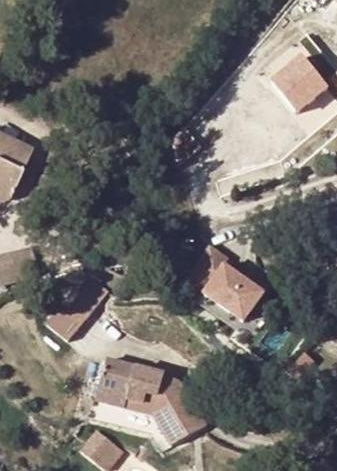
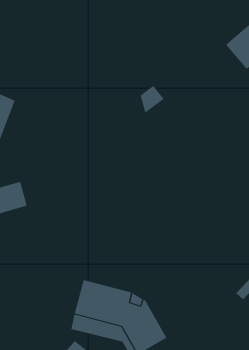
building: [198,234,269,313] -> none
building: [49,277,110,339] -> none

